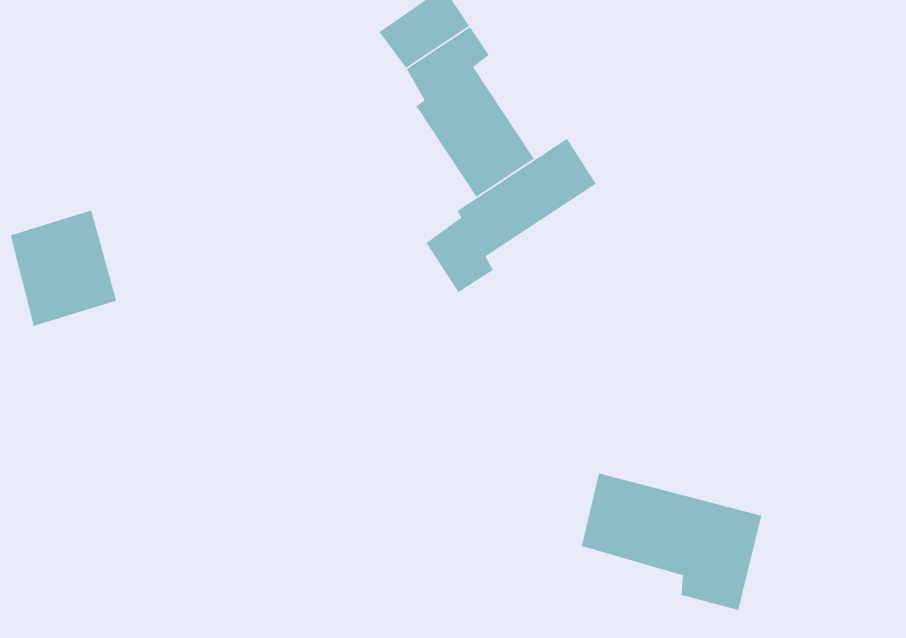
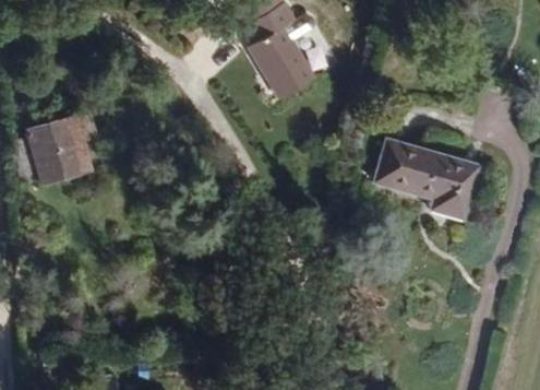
building: [425,138,597,293] -> none
building: [581,472,762,611] -> [385,143,487,221]

